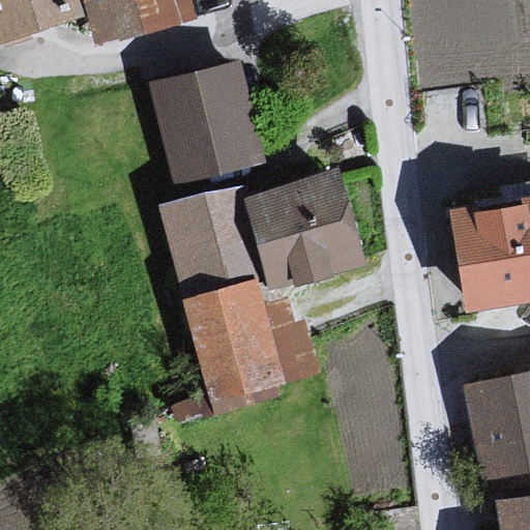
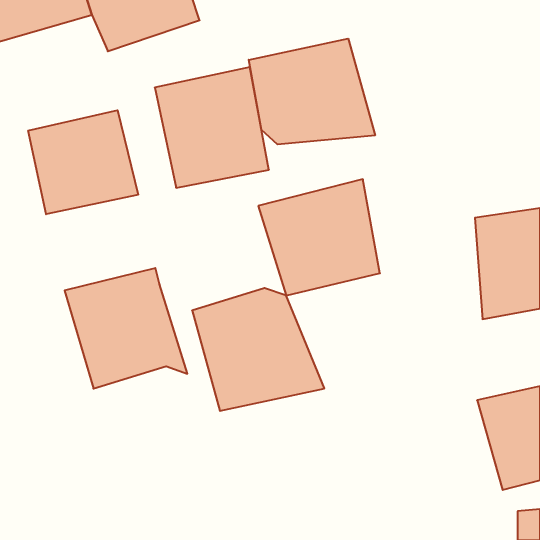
building: none -> [249,39,375,144]
building: none -> [28,110,138,214]
building: [158,184,277,301] -> [65,268,187,389]

